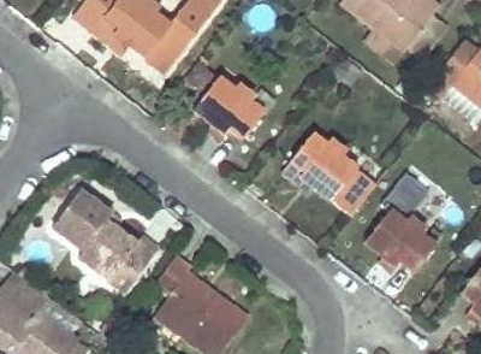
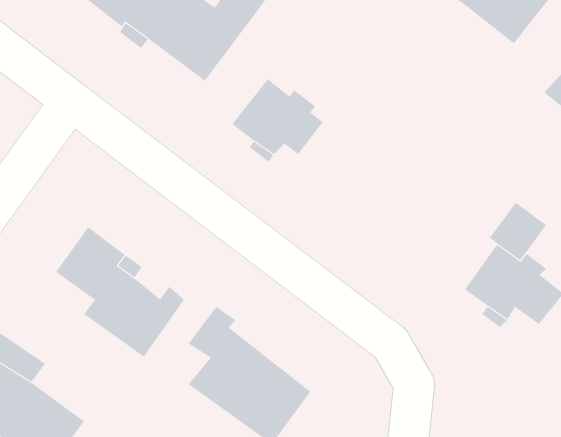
building: [293,132,378,217] -> none

